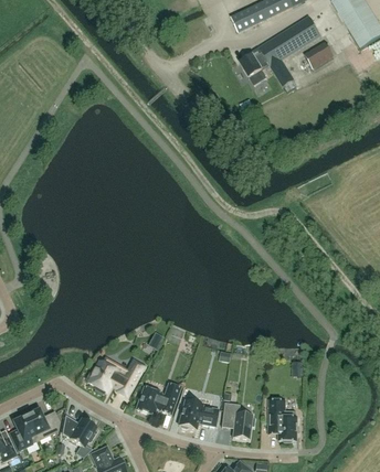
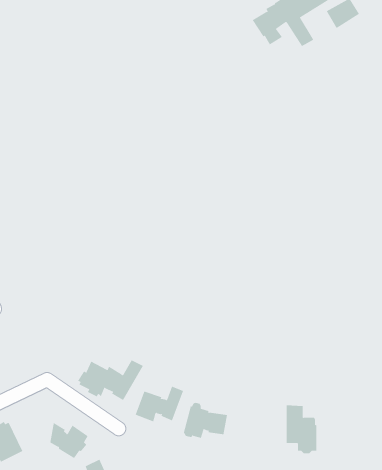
building: [220,403,254,439] -> none
building: [25,408,59,440] -> none

